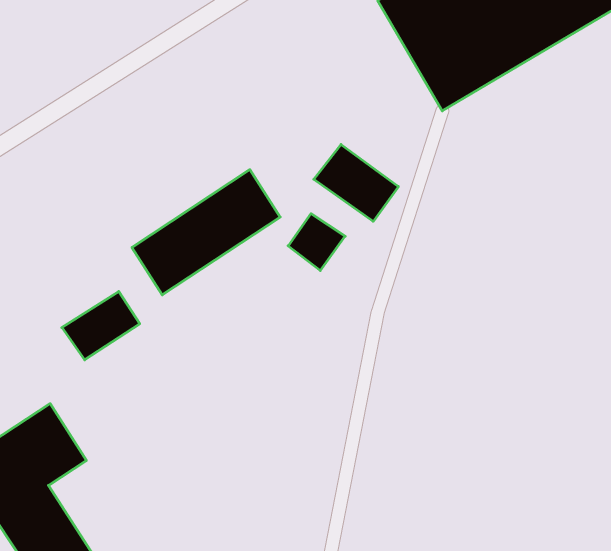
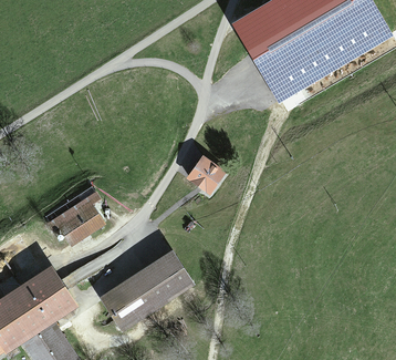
building: [314,144,398,221] -> none
building: [132,170,280,295] -> [102,251,188,325]

